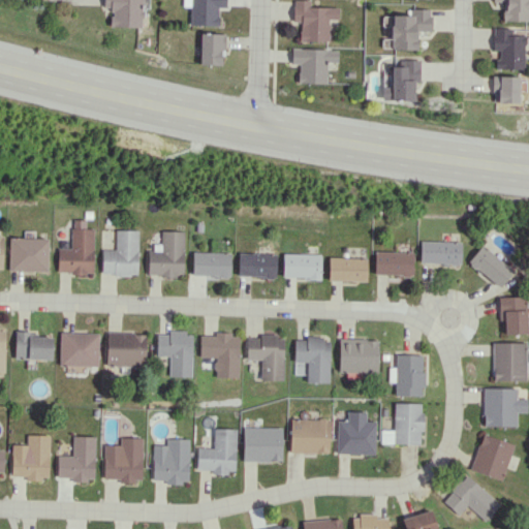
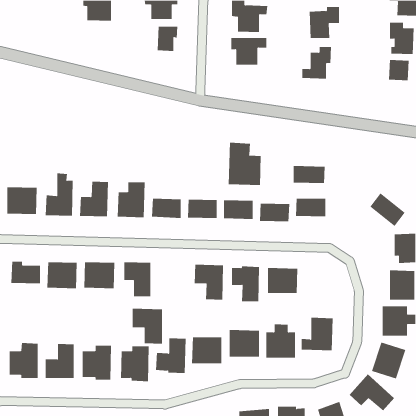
building: none -> [228,142,261,186]
building: [422,242,463,264] -> [293,166,326,183]
building: [200,334,240,379] -> [132,308,163,344]
building: [390,354,425,397] -> none

